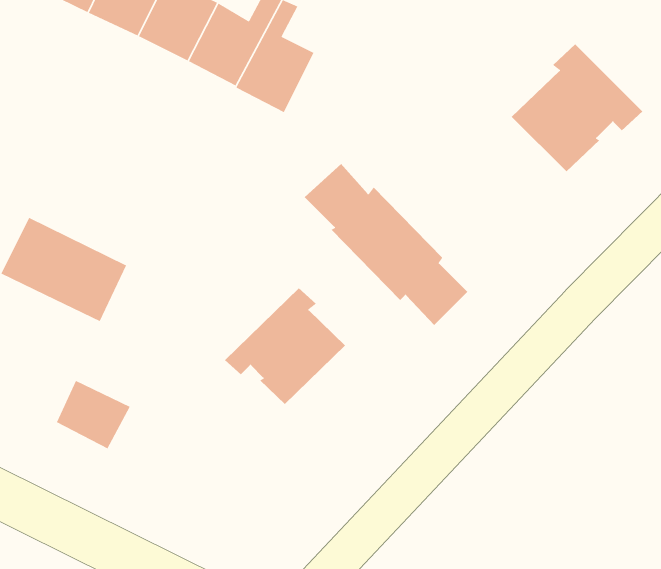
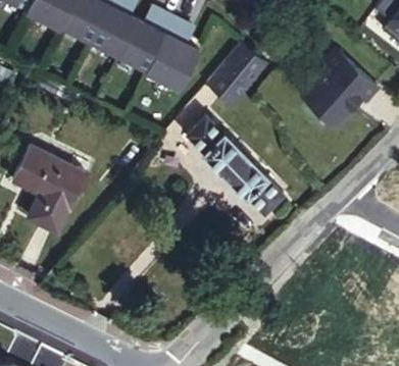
building: none -> [206,44,267,108]
building: [224,287,346,405] -> none
building: [56,380,131,449] -> [26,191,68,230]

